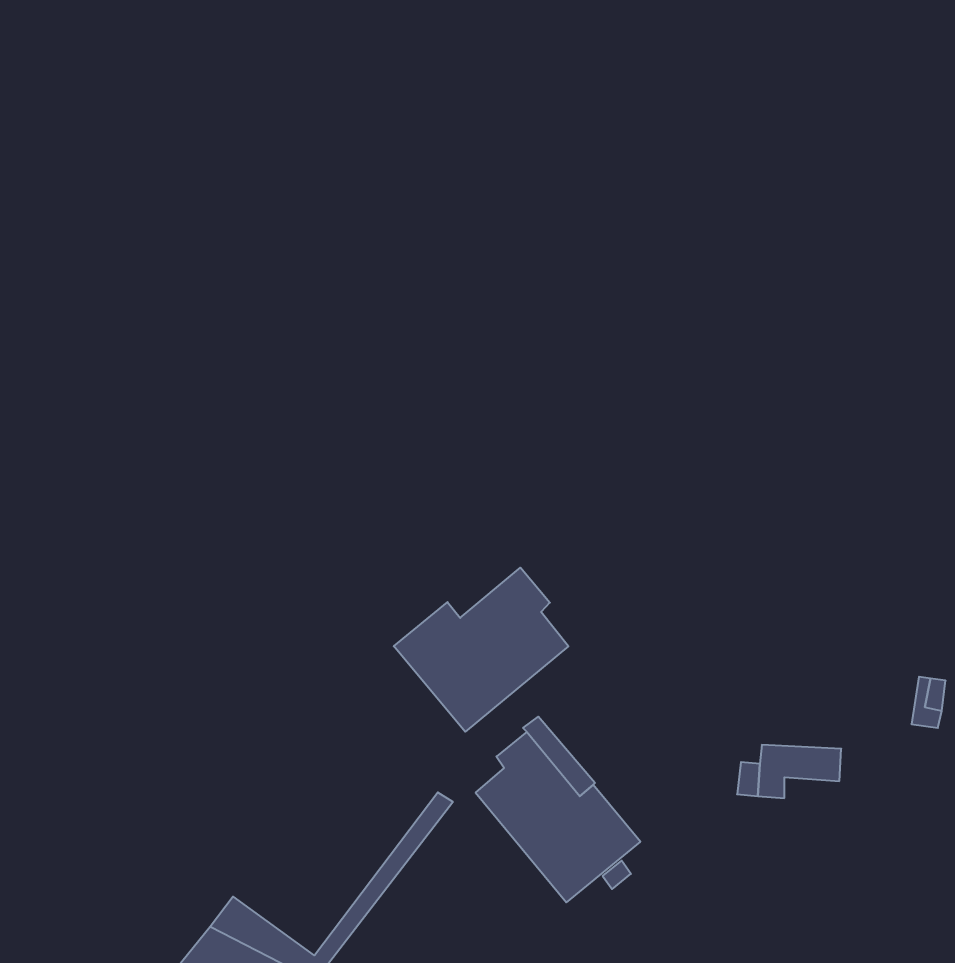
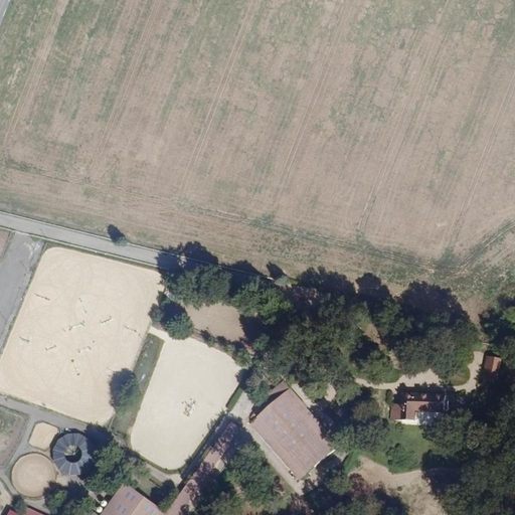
building: [394,568,568,732] -> none
building: none -> [47,440,84,477]

